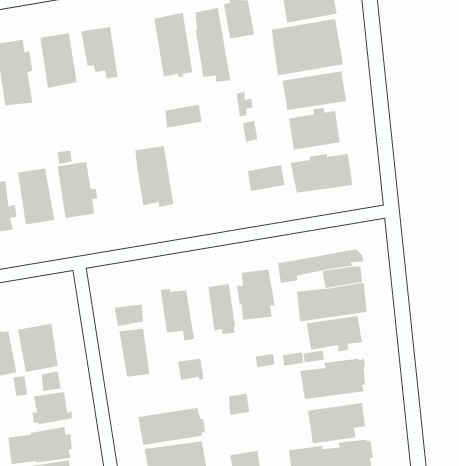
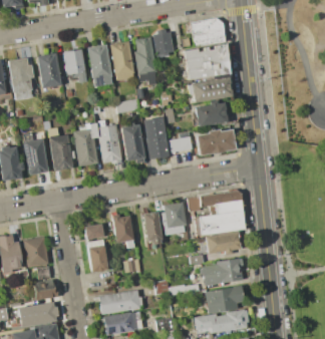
building: none -> [87,44,112,87]
building: none -> [143,116,169,159]
building: none -> [72,123,98,165]
building: none -> [121,124,144,163]

